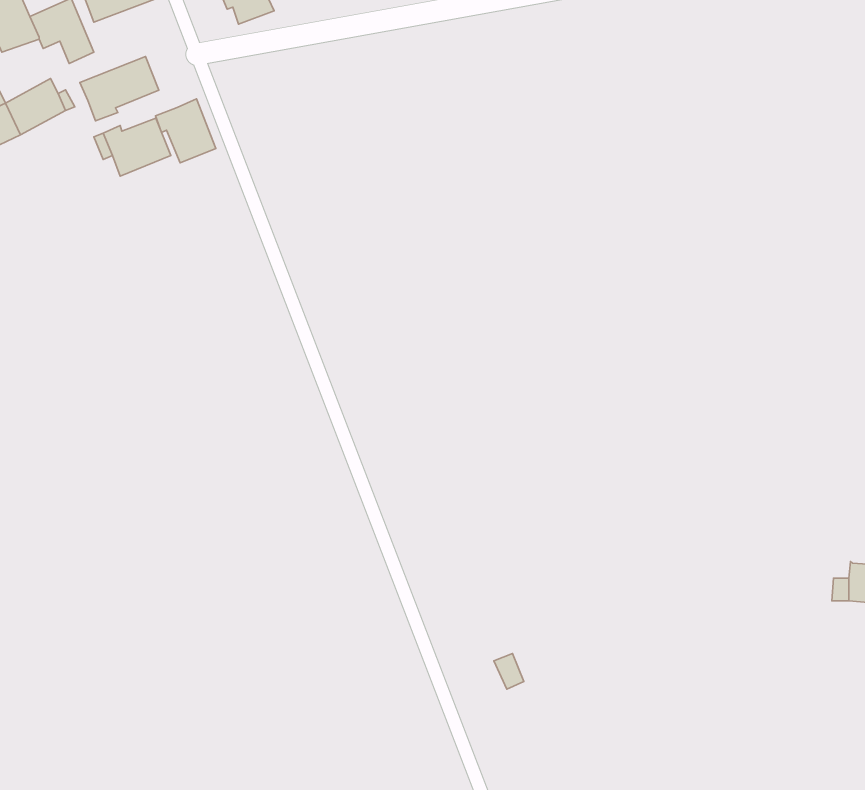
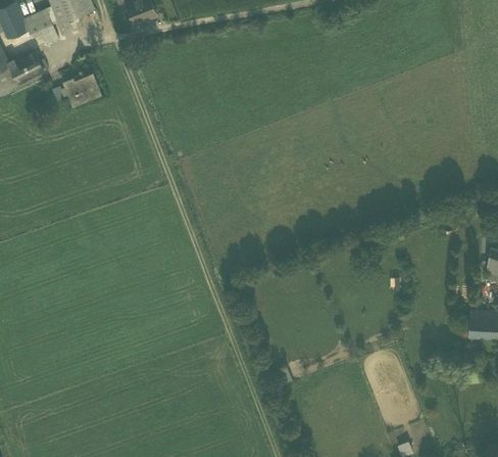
building: [80,57,159,121] -> none
building: [155,99,216,163] -> none

